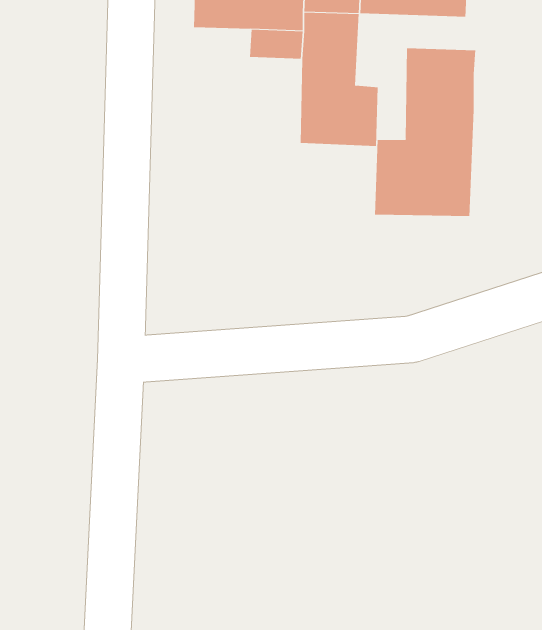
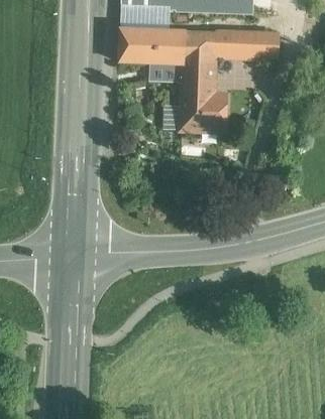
building: [375,48,476,217] -> none

